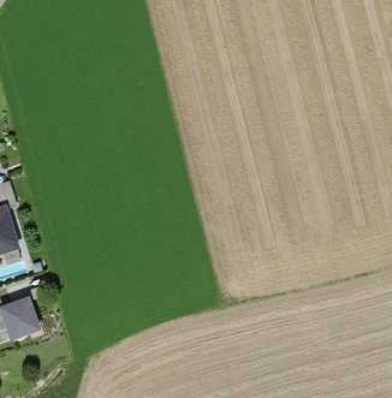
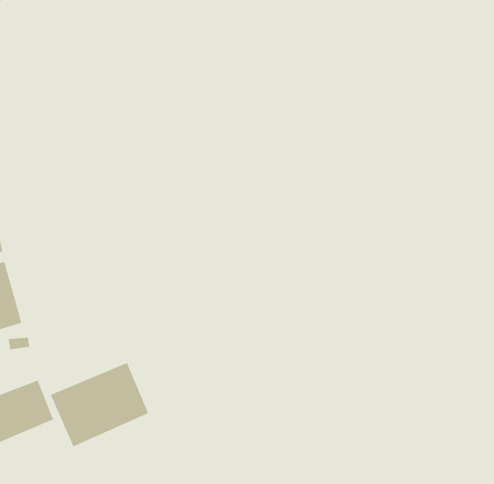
building: none -> [50,362,149,447]

